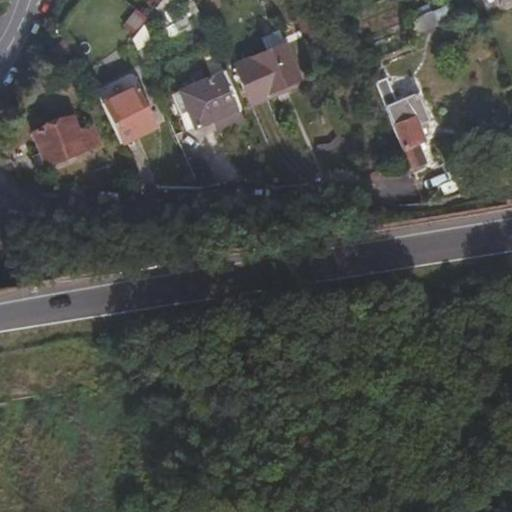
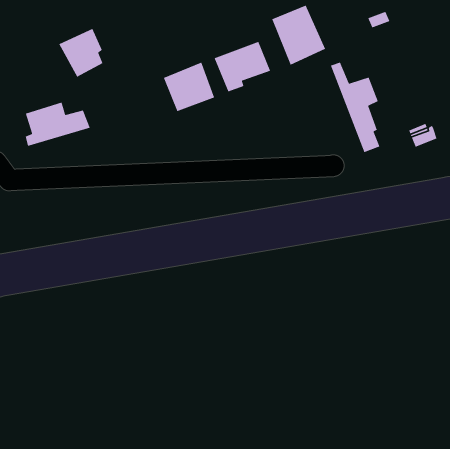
building: none -> [271,4,326,66]
building: [100,84,151,140] -> [58,28,104,78]

